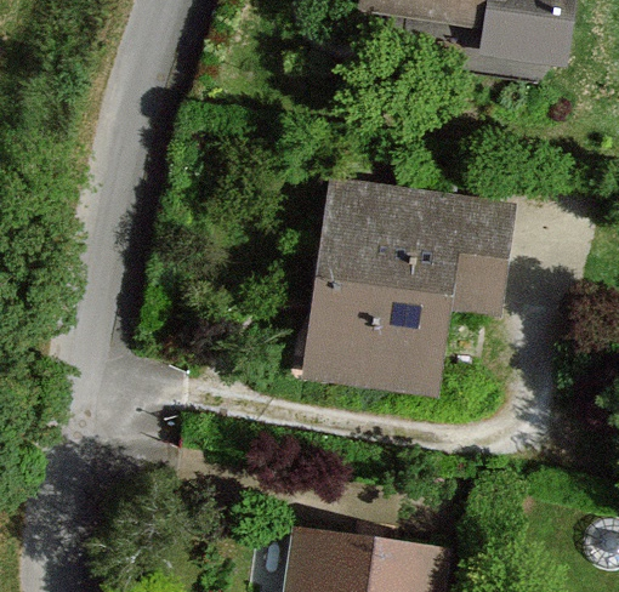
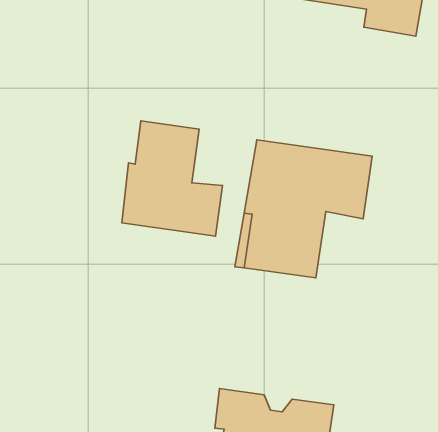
building: none -> [122,121,223,236]

